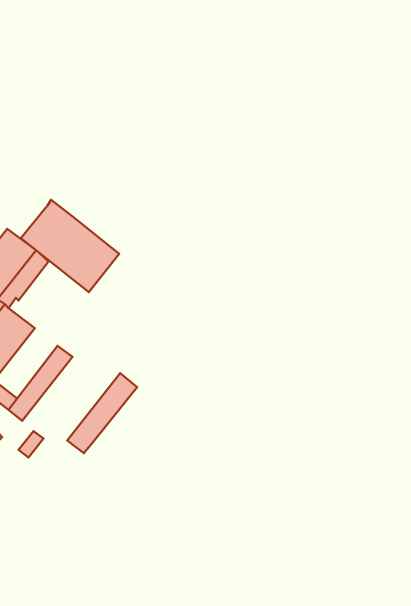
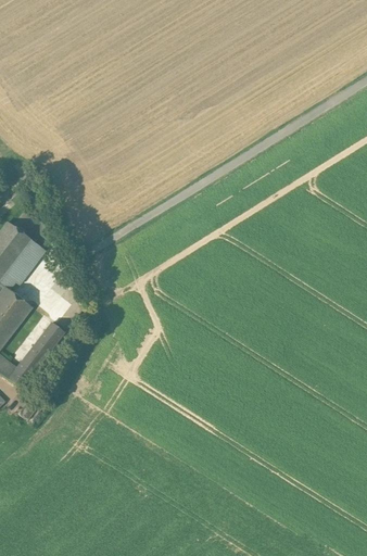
building: [21,200,119,292] -> none
building: [67,373,137,453] -> none

